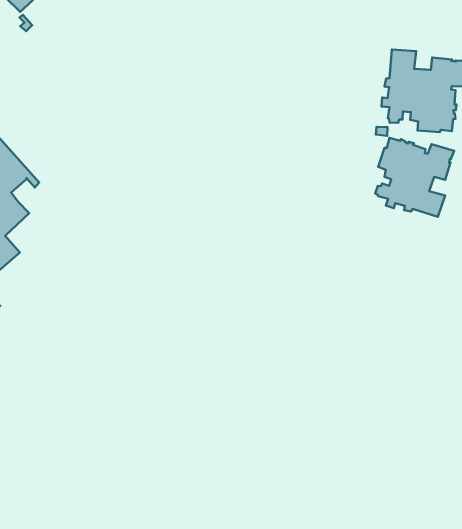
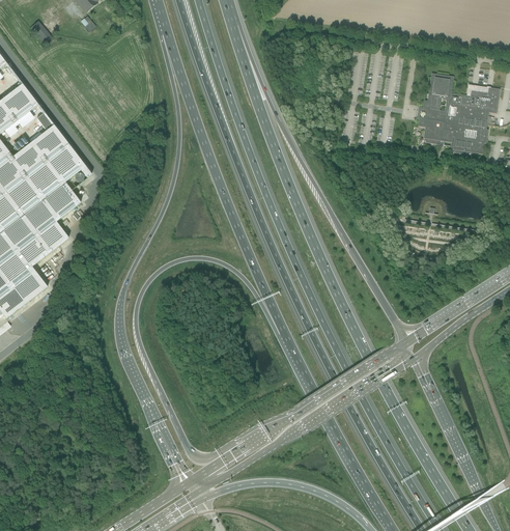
building: [375,138,454,217] -> none

